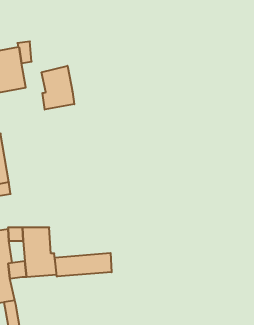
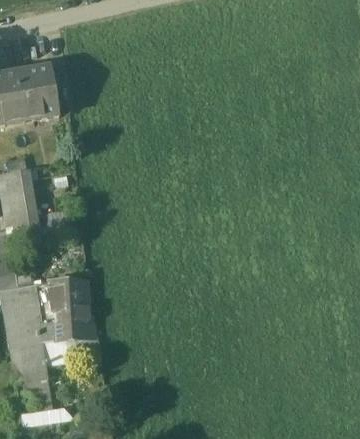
building: [42,66,74,110] -> none
building: [55,253,112,277] -> none

